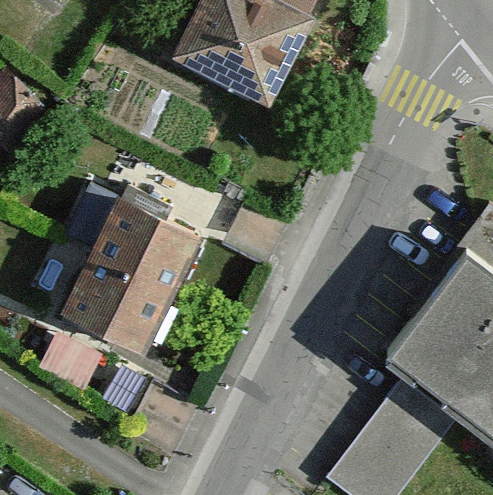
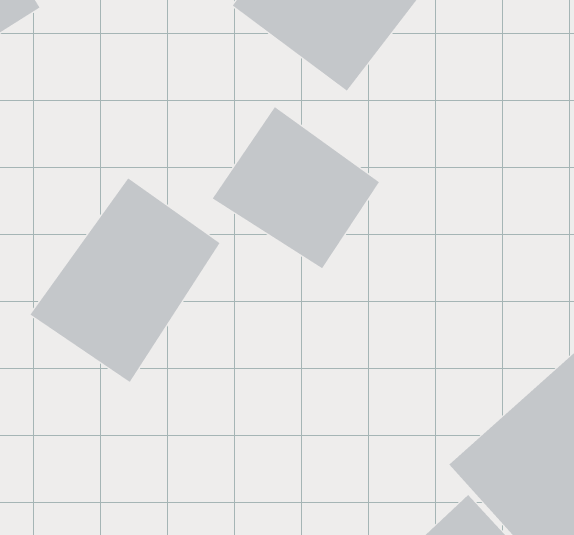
building: none -> [212,106,380,269]

